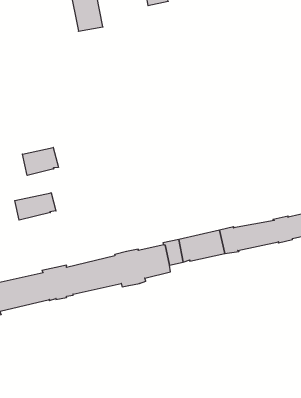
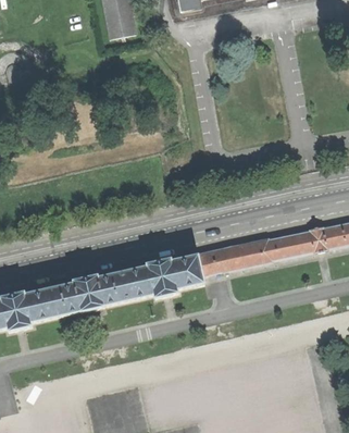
building: [22,147,58,175] -> none
building: [15,193,56,220] -> none

